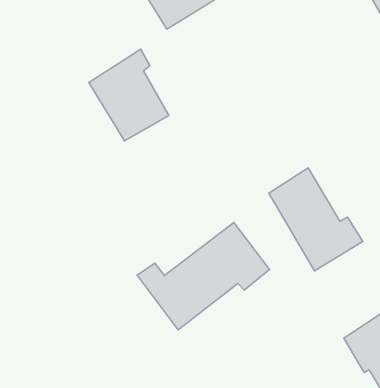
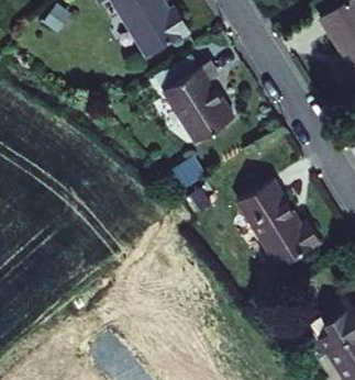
building: [89,49,169,141] -> [164,62,233,141]
building: [137,223,269,330] -> none

